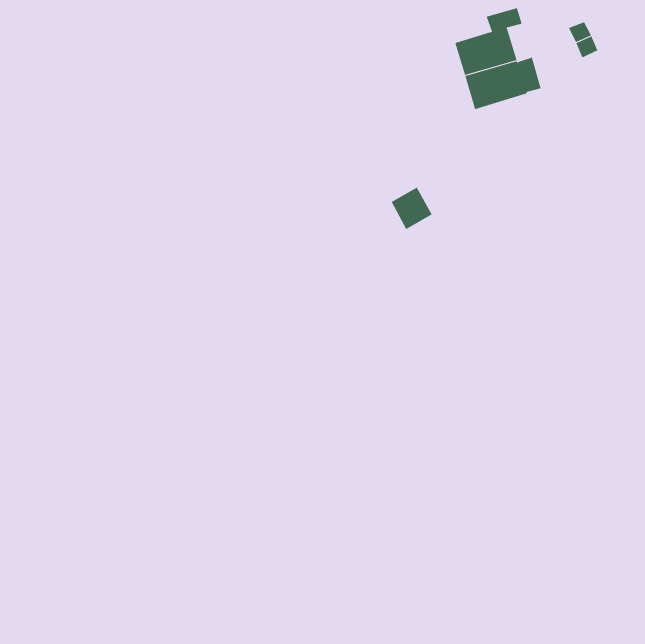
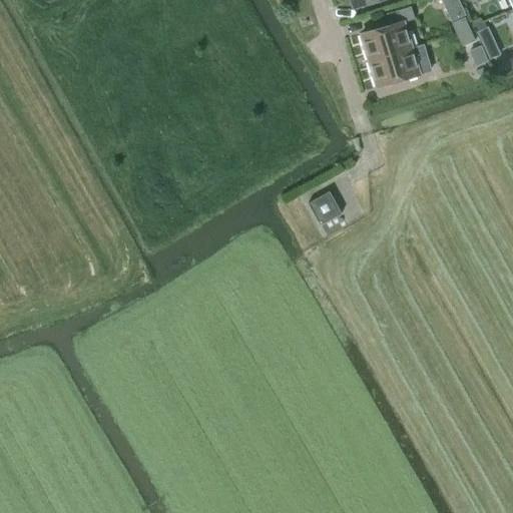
building: none -> [469,24,502,64]
building: [391,187,432,230] -> [308,191,341,225]

